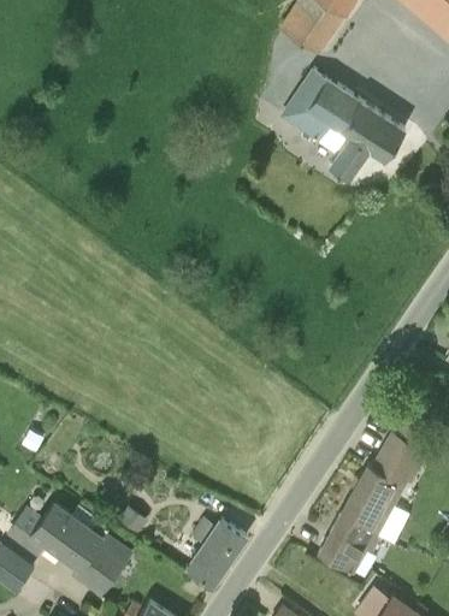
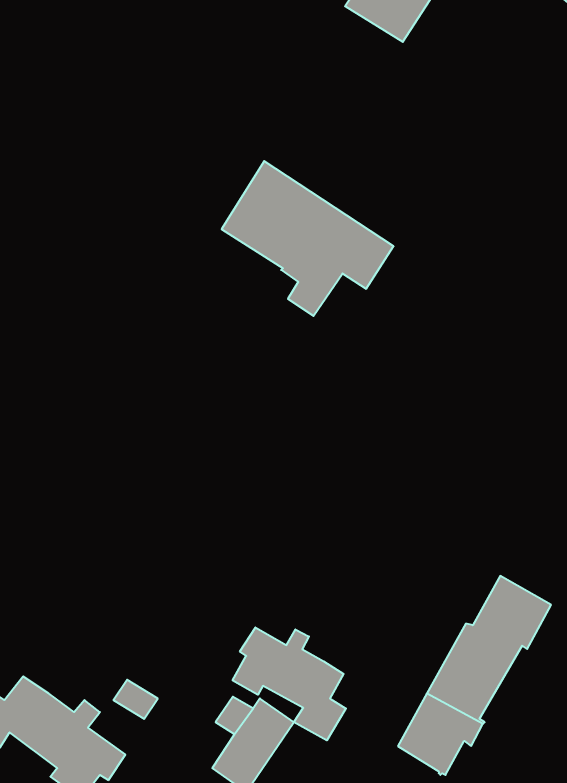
building: [283,70,404,179] -> [222,161,394,316]
building: none -> [233,627,346,740]

